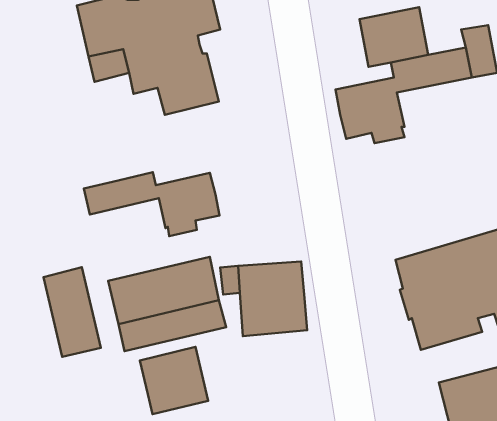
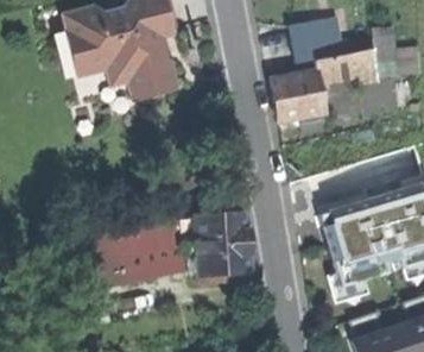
building: [84,172,219,236] -> none
building: [44,267,101,357] -> none
building: [140,347,208,414] -> none

